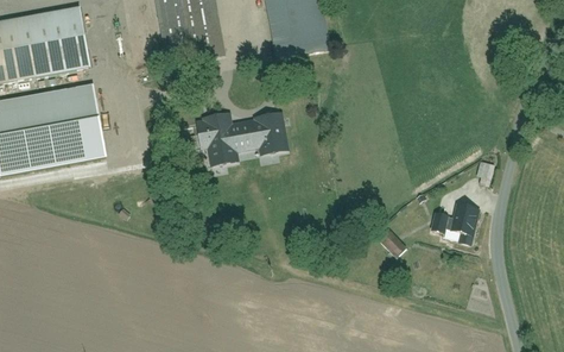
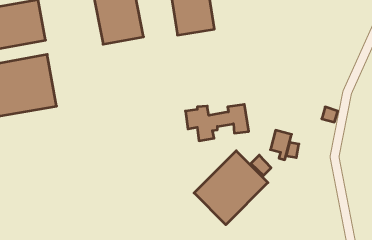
building: [195,109,284,161] -> [185,104,249,141]
building: [448,200,477,241] -> [270,130,292,160]
building: none -> [194,151,268,225]

